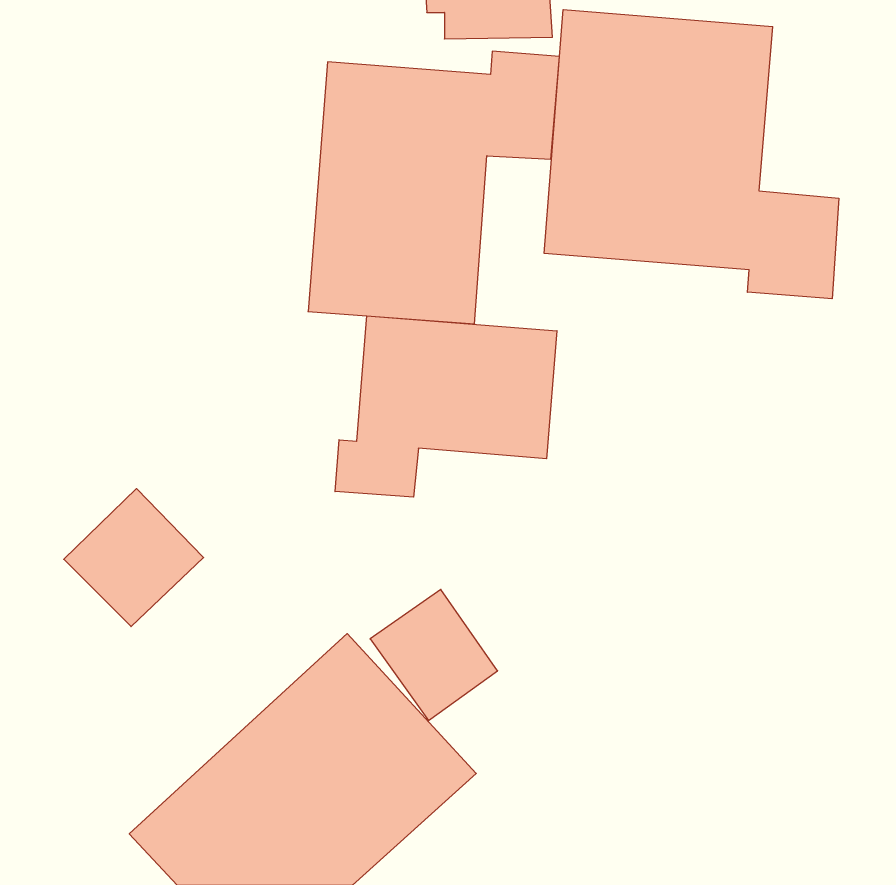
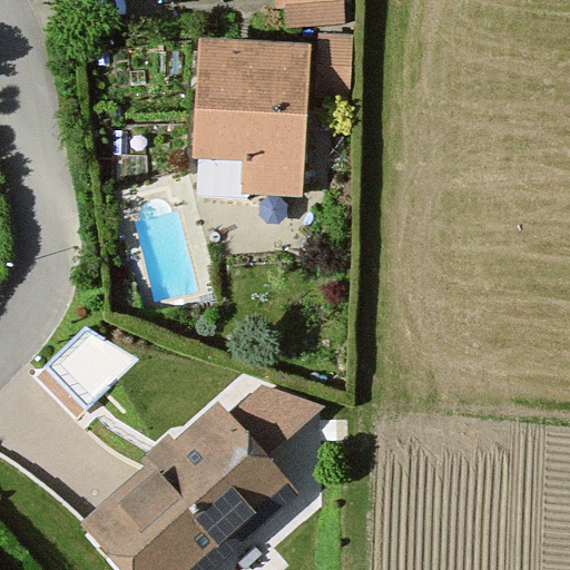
building: [544,10,839,299] -> none
building: [335,316,557,497] -> none

